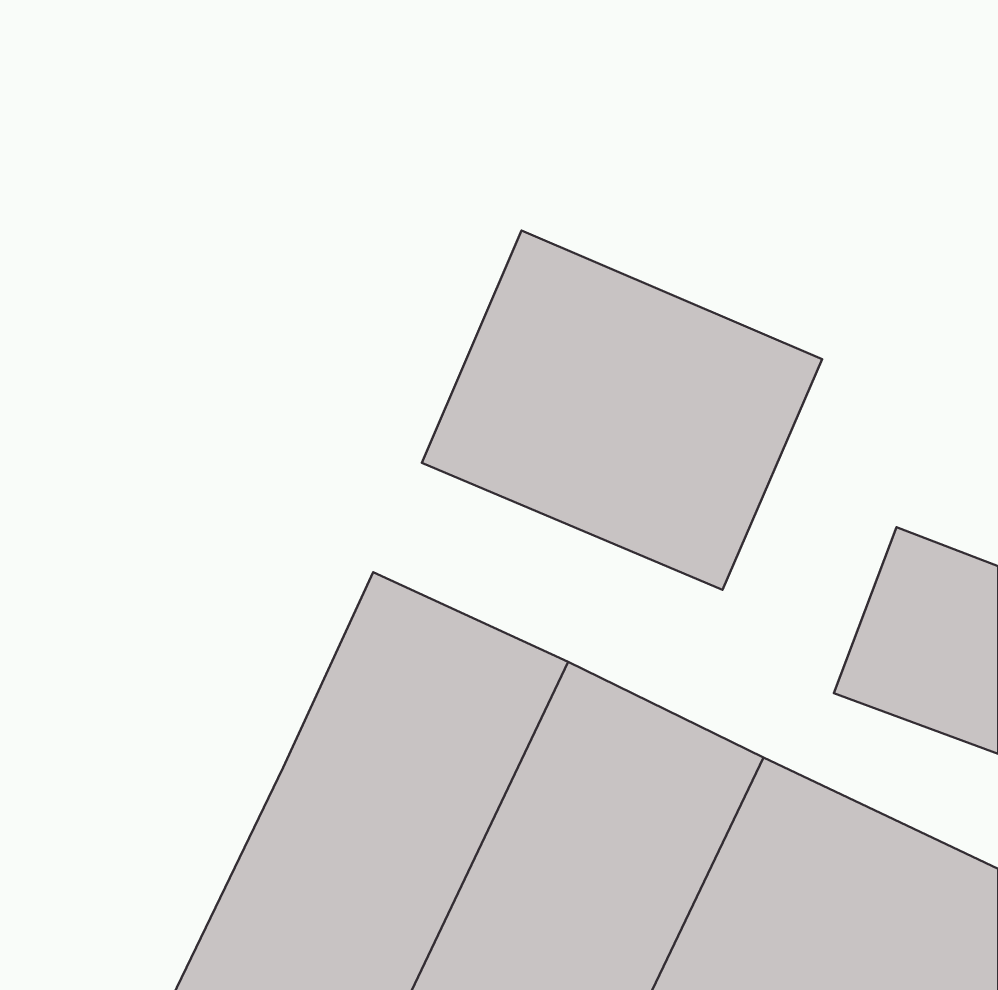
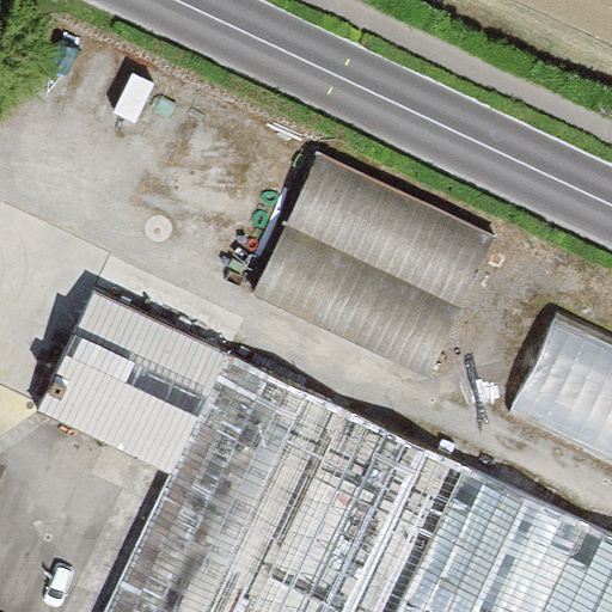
building: none -> [39,294,228,475]

